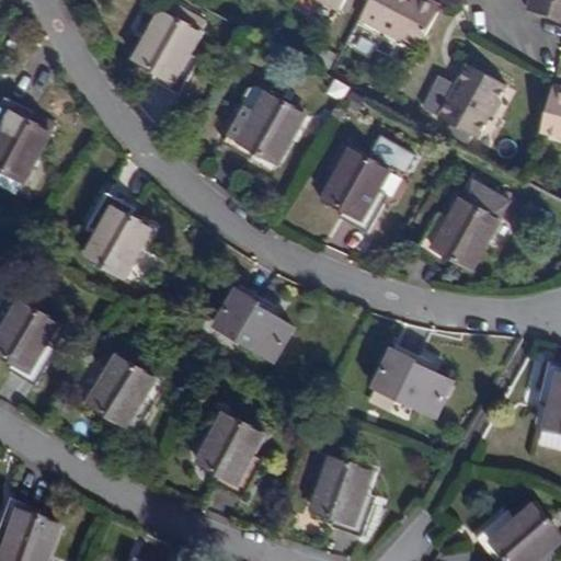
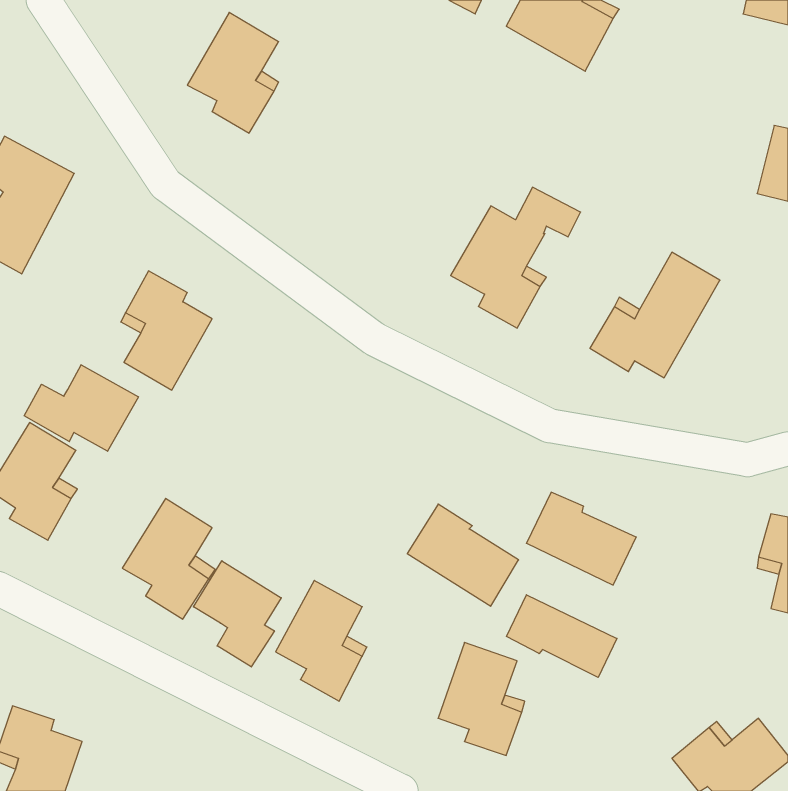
building: [437,64,505,137] -> none
building: [224,84,305,162] -> none
building: none -> [24,365,138,451]
building: [213,287,291,359] -> [407,504,519,606]
building: none -> [193,561,281,667]
building: none -> [507,595,617,677]

